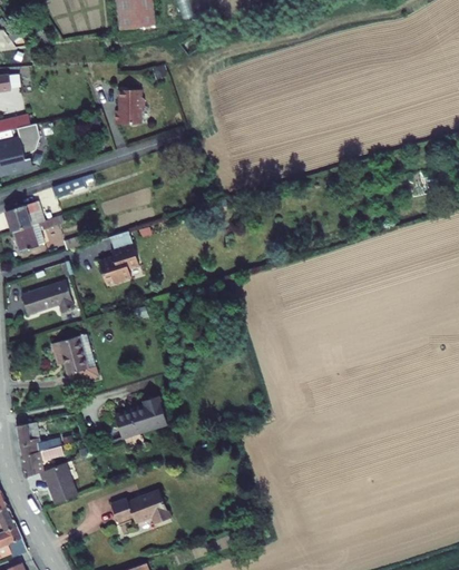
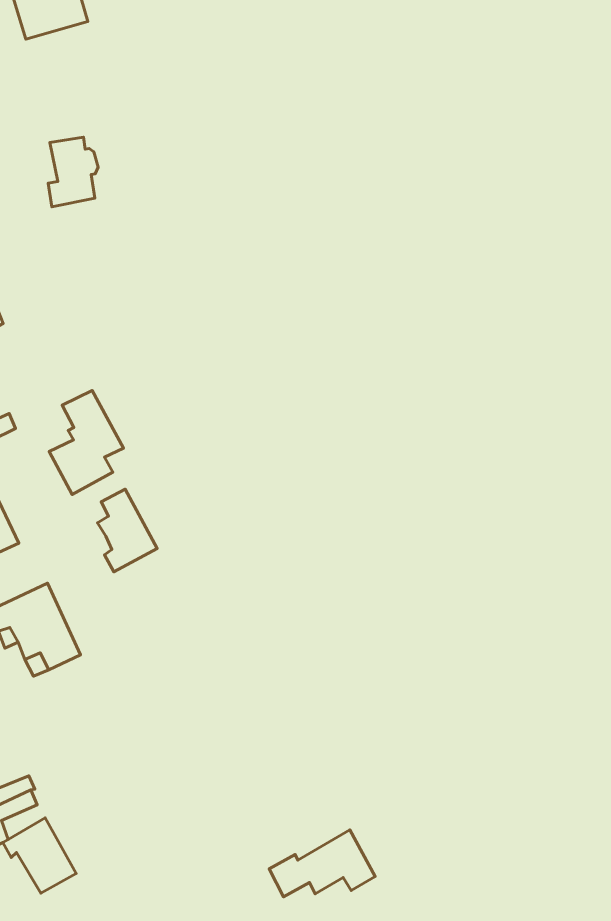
building: none -> [98,489,157,572]
building: [114,395,166,438] -> none
building: [110,490,168,523] -> [269,830,375,897]

